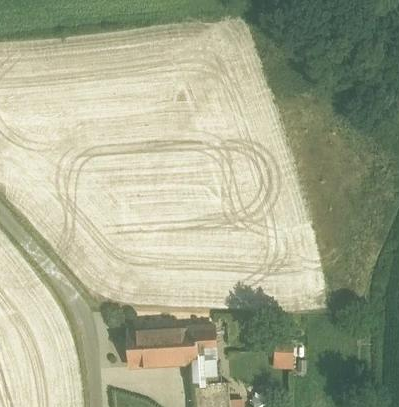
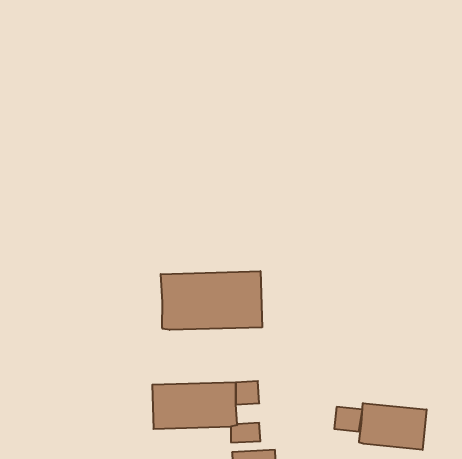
building: none -> [161,271,262,330]
building: none -> [359,403,427,450]

